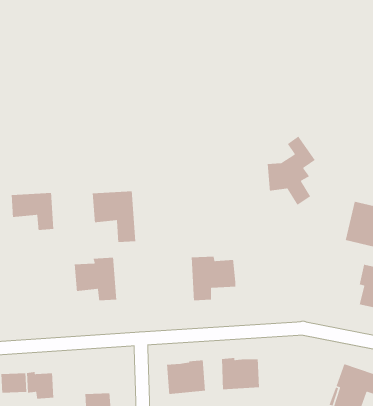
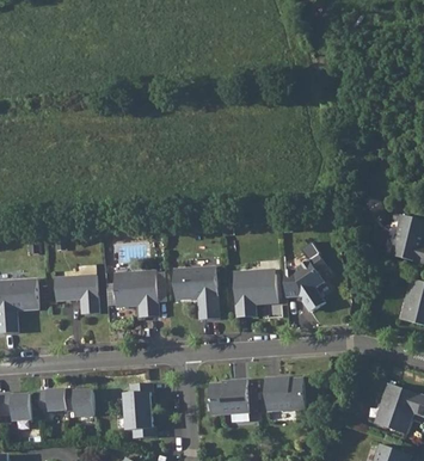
building: [267,136,316,206] -> [278,240,328,312]
building: [92,190,136,243] -> [173,266,219,320]
building: [11,192,54,231] -> [55,275,99,314]
building: none -> [124,382,153,411]

